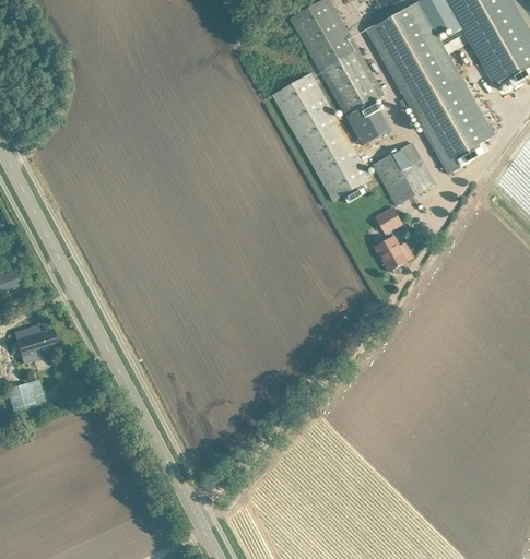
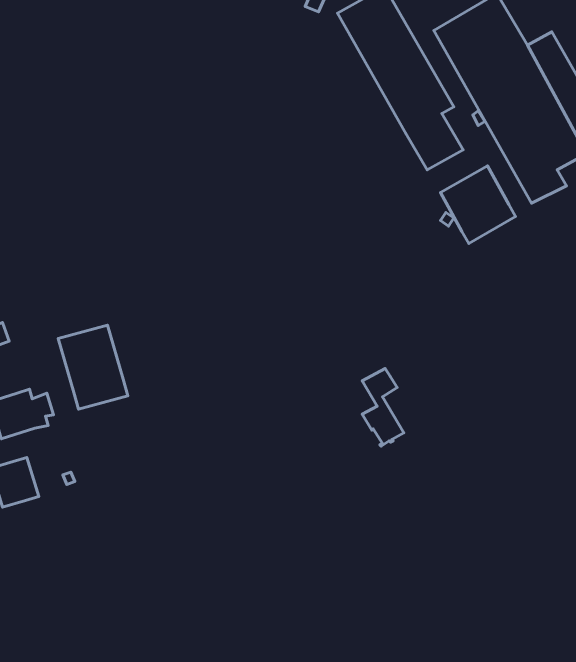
building: [272,71,370,200] -> none
building: [374,206,408,270] -> [362,369,404,446]
building: none -> [58,325,128,409]

